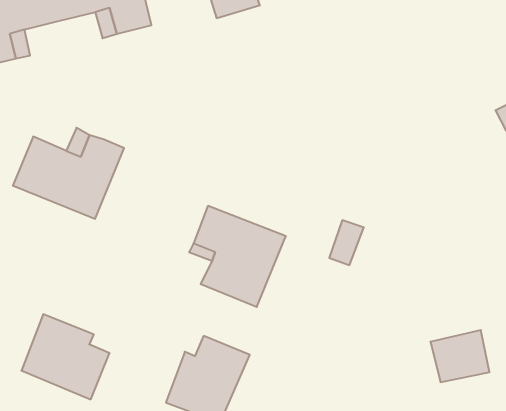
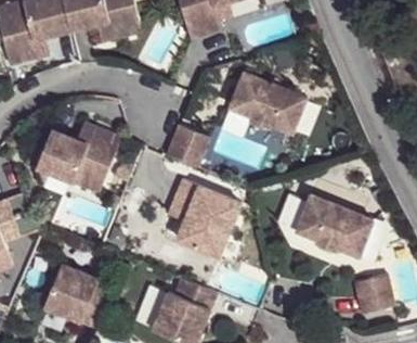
building: none -> [225,72,302,132]
building: none -> [166,126,212,170]
building: none -> [294,194,370,253]

